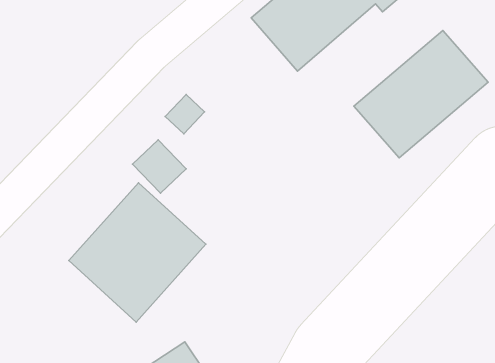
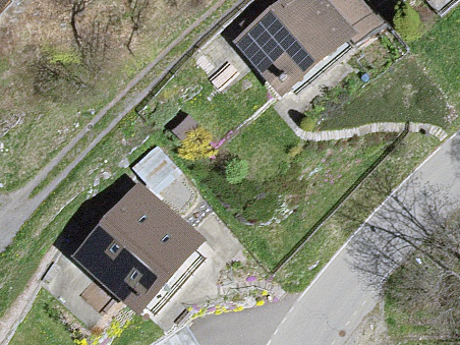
building: [354,31,488,158] -> none

